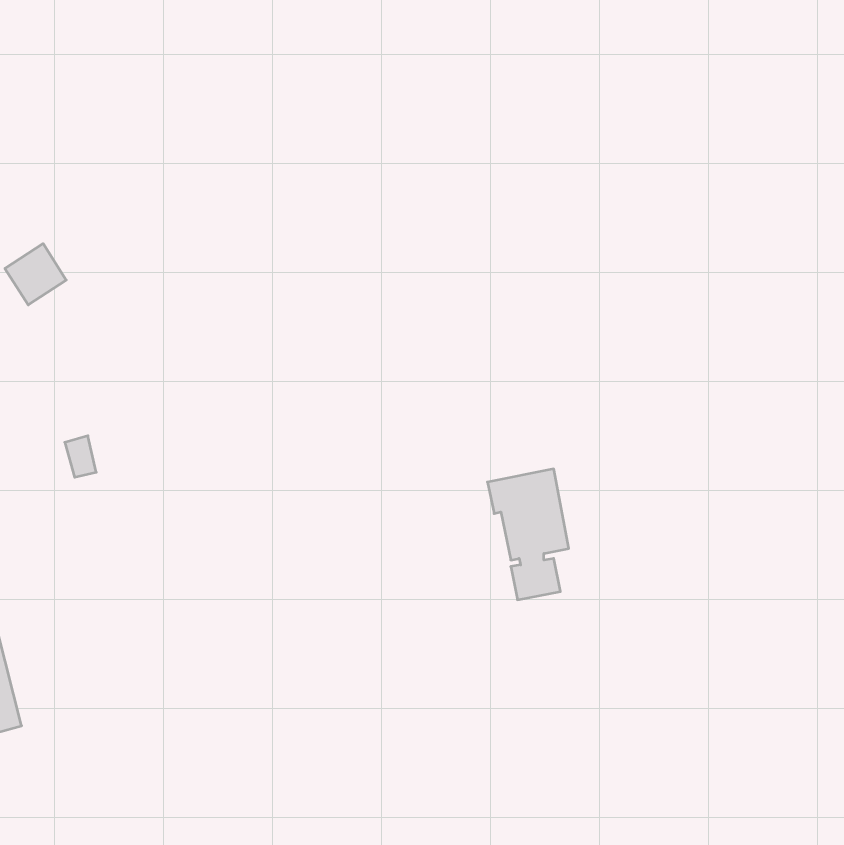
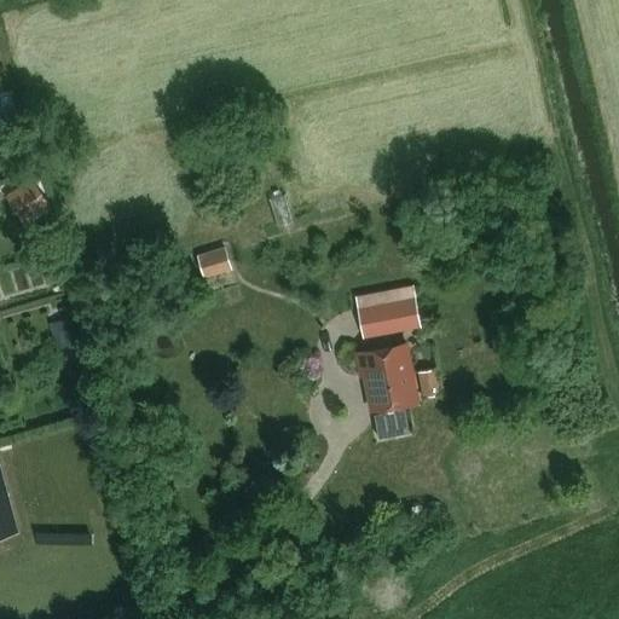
building: none -> [195,247,231,278]
building: none -> [357,297,420,336]

